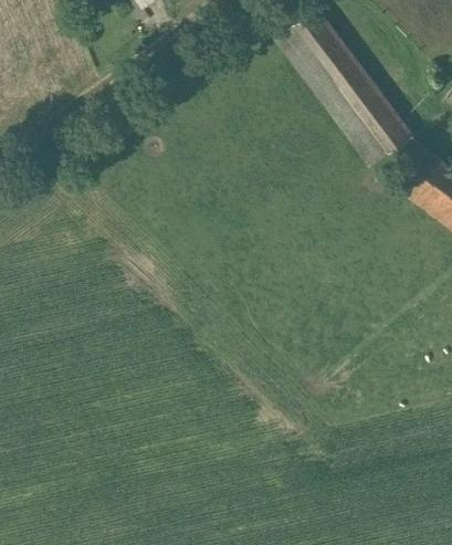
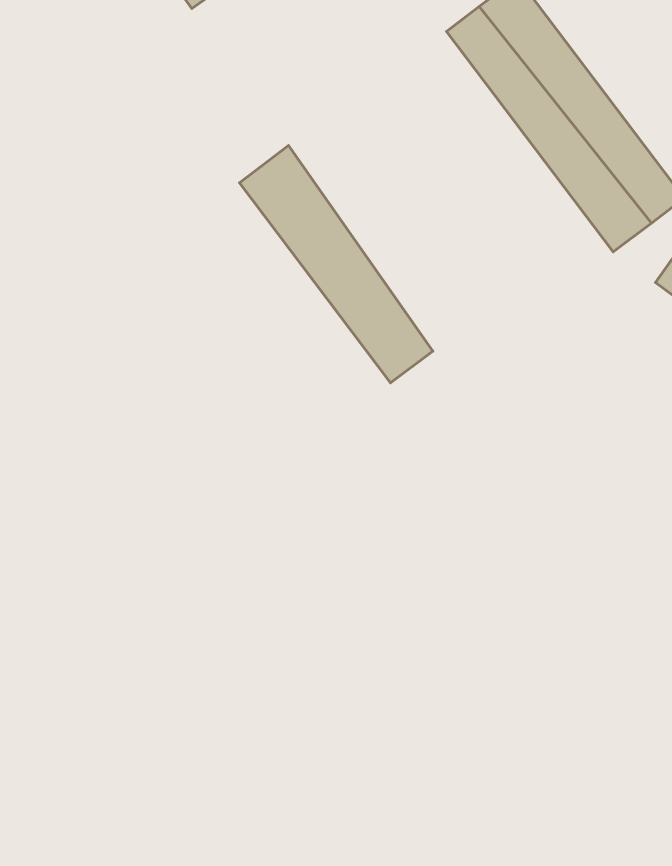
building: none -> [239,145,433,383]

